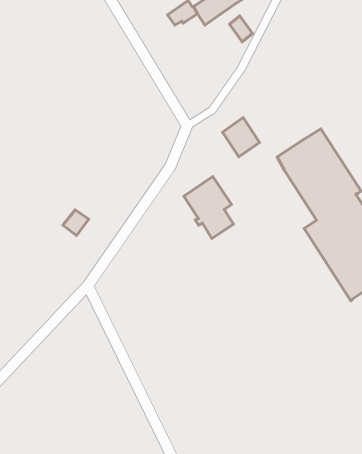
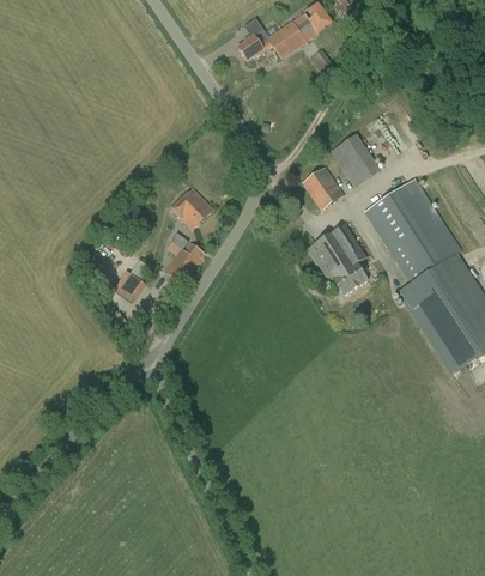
building: none -> [331,132,380,186]
building: none -> [171,187,212,228]
building: [184,176,234,239] -> [310,223,368,295]
building: none -> [169,236,205,275]

